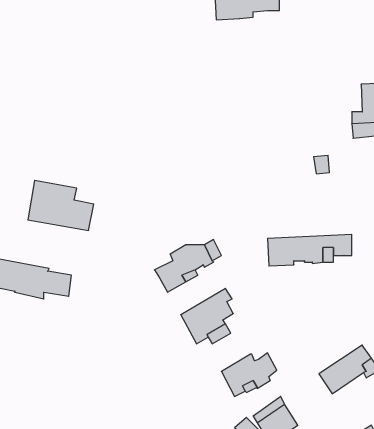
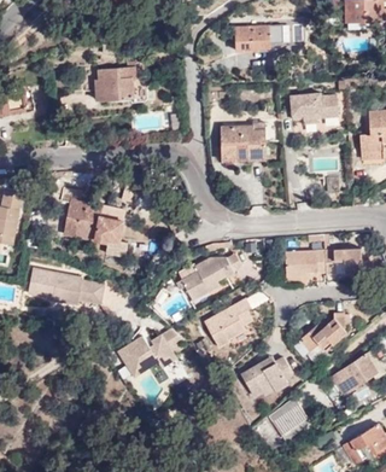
building: none -> [93,68,145,104]
building: none -> [291,93,339,123]
building: none -> [222,120,268,163]
building: none -> [298,310,351,352]
building: none -> [119,328,185,378]

